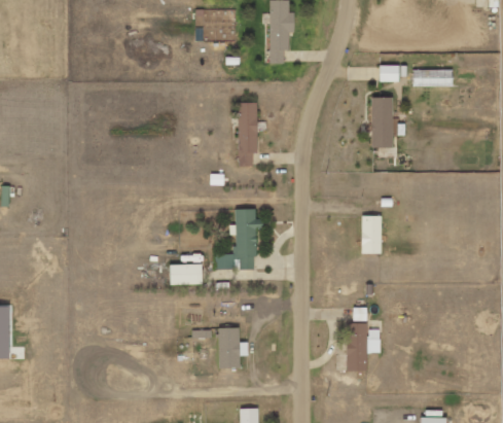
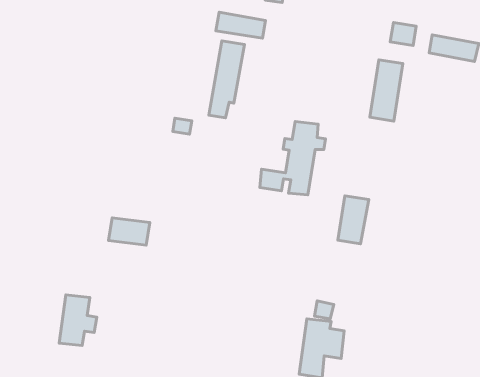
building: none -> [216,12,266,38]
building: [214,208,263,270] -> [260,122,326,195]
building: [219,326,248,368] -> [59,295,97,345]

